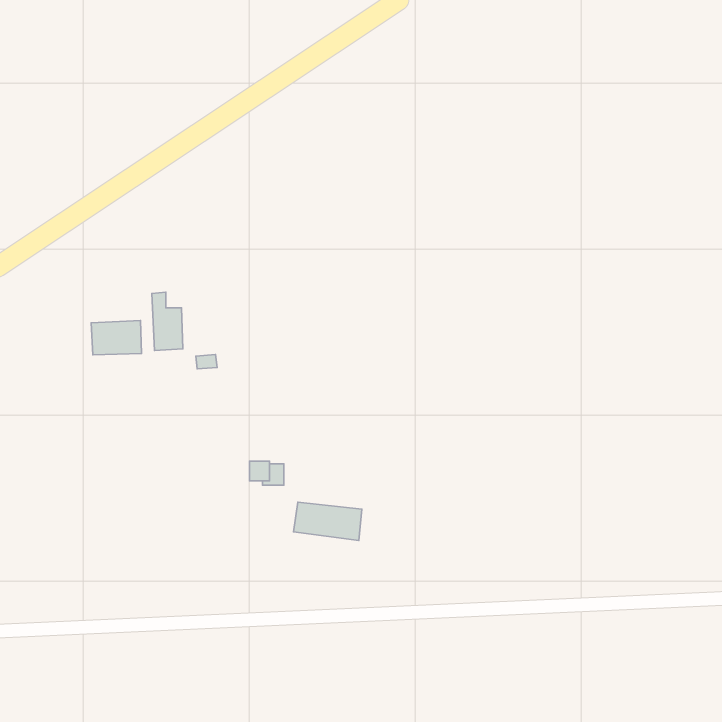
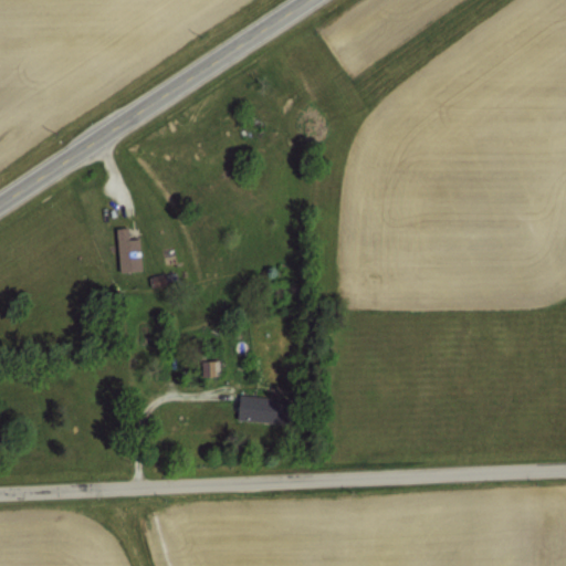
building: [91,320,141,355] -> none

